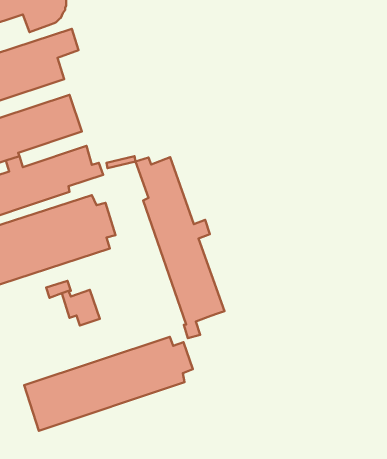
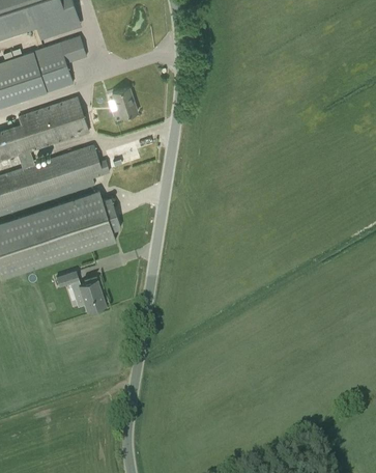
building: none -> [112,88,137,119]
building: [136,157,225,338] -> none
building: [24,337,193,431] -> none

